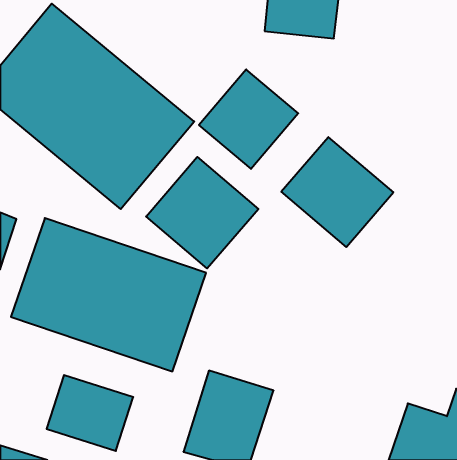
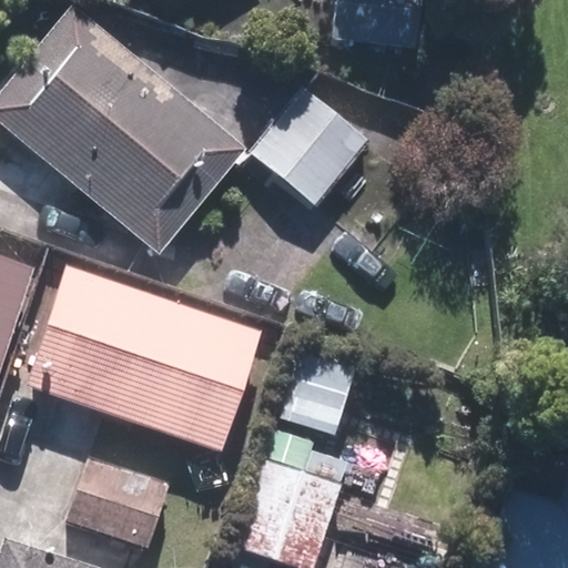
building: [281,137,393,247] -> none
building: [146,157,258,268] -> none

